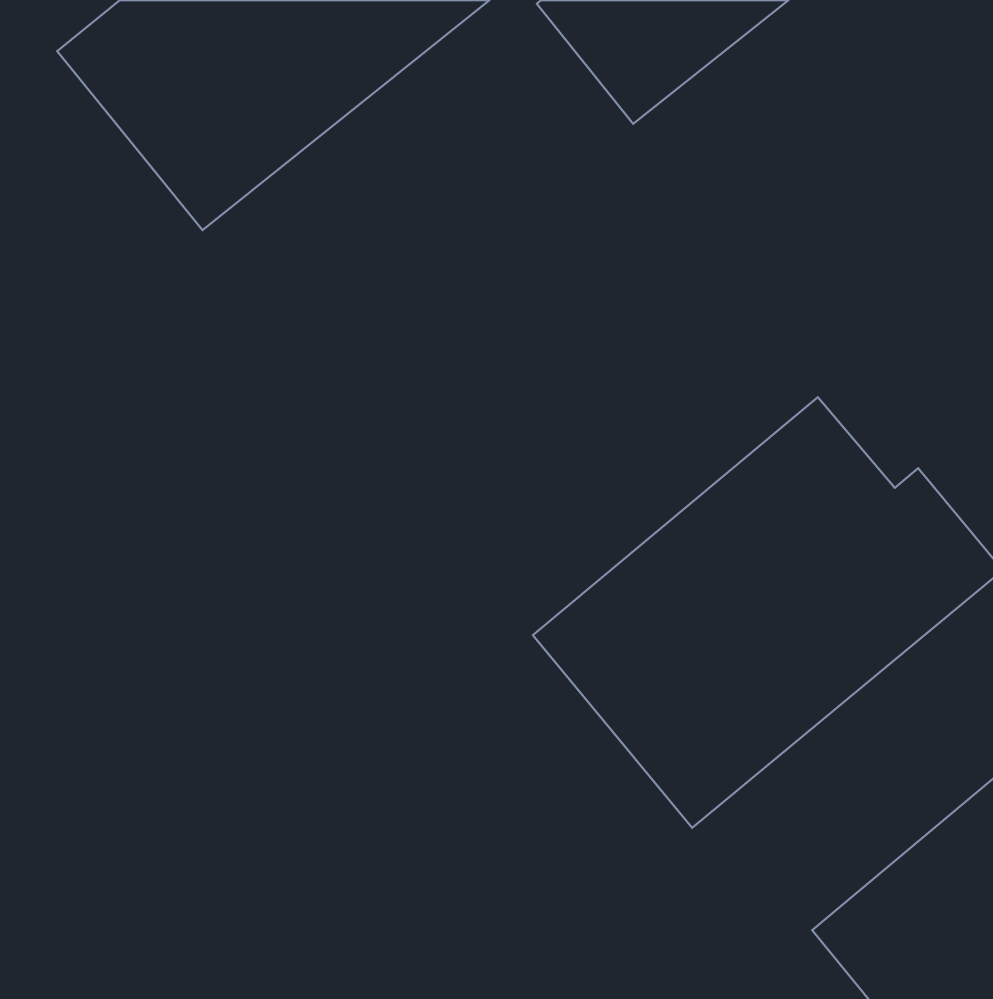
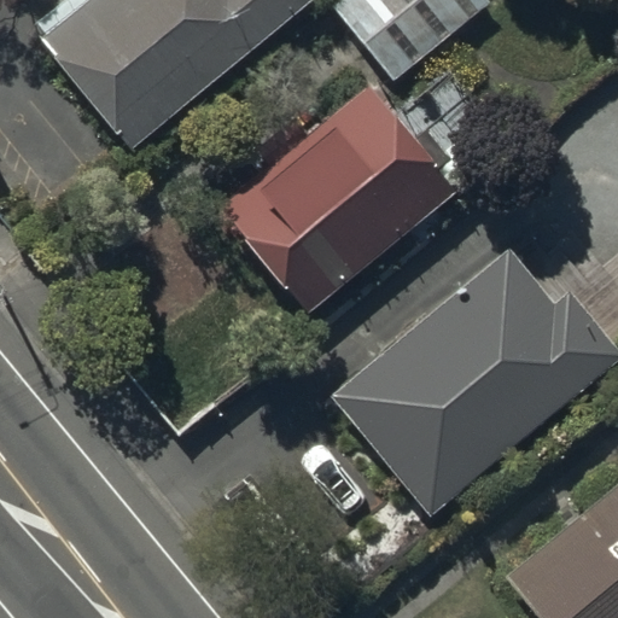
building: none -> [223,87,456,310]

